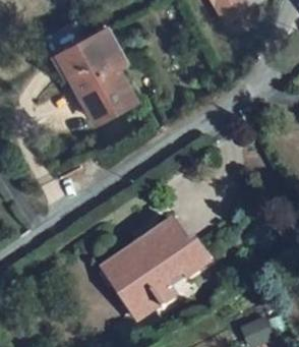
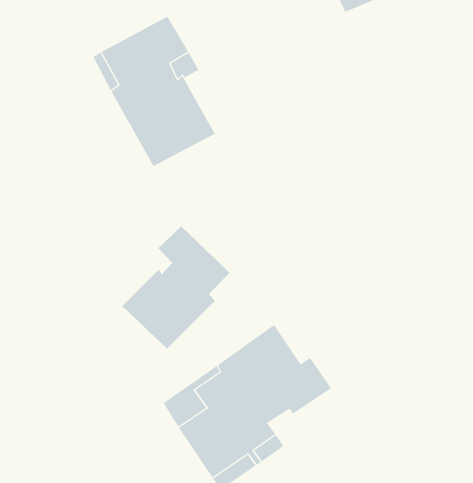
building: none -> [121,226,231,349]

